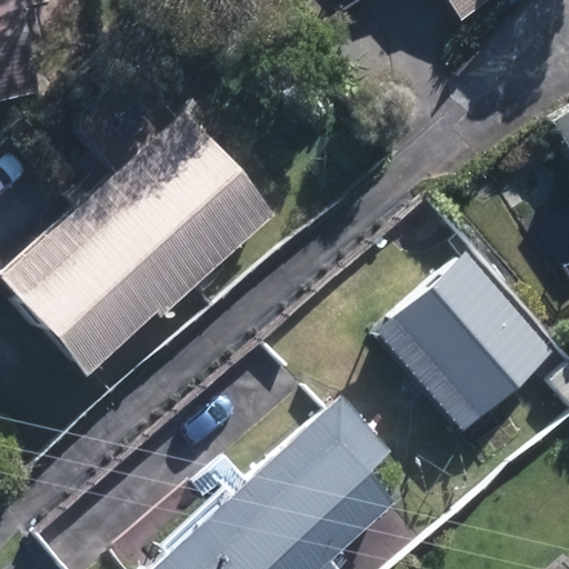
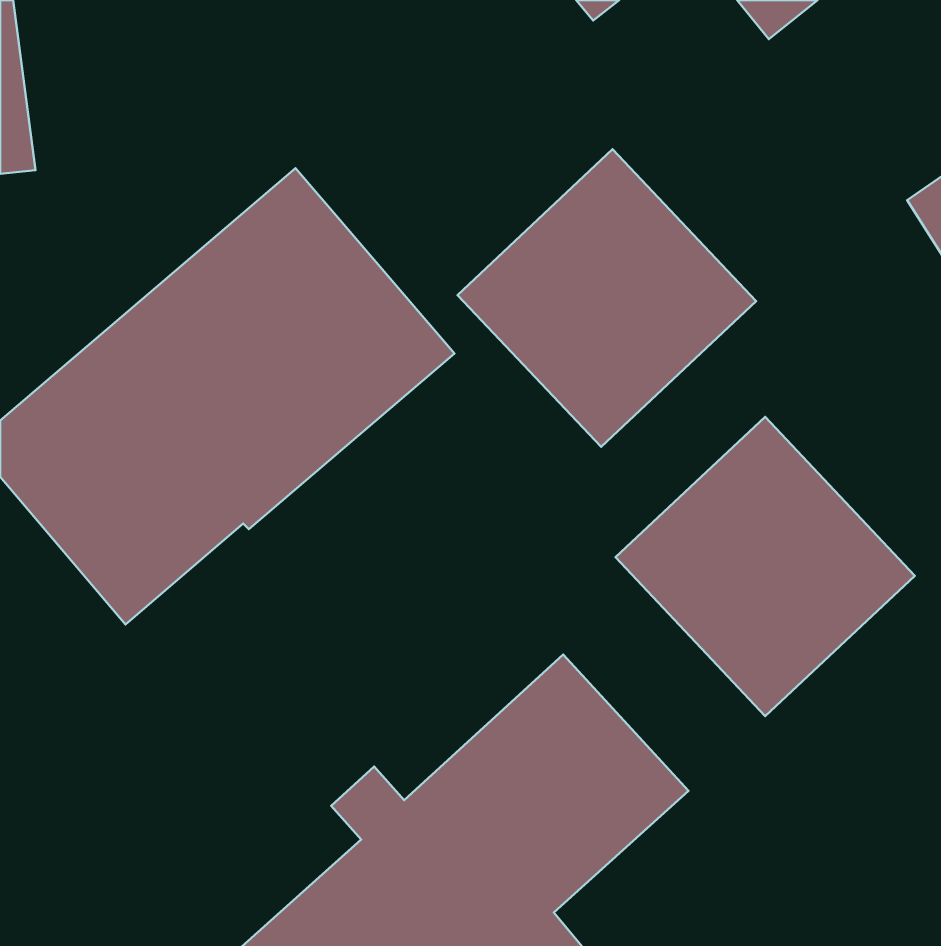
building: none -> [458,149,756,447]

